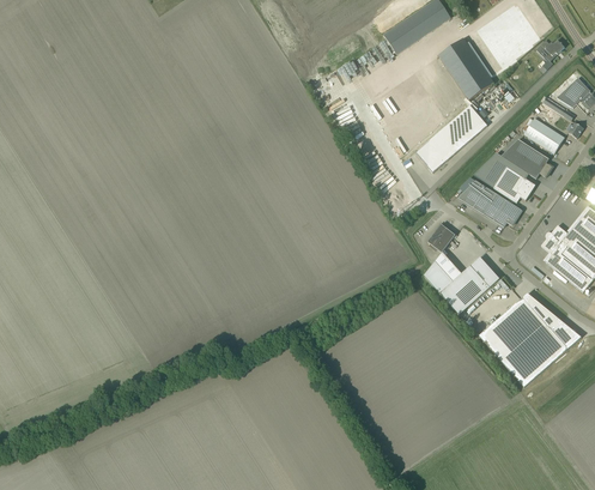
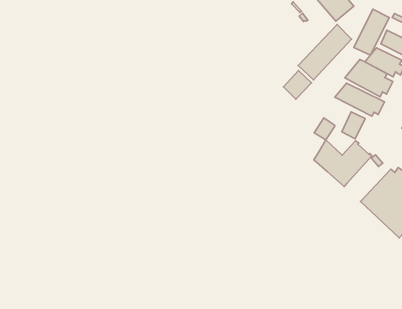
building: none -> [354,9,389,55]
building: none -> [284,71,312,99]
building: none -> [342,112,365,139]

